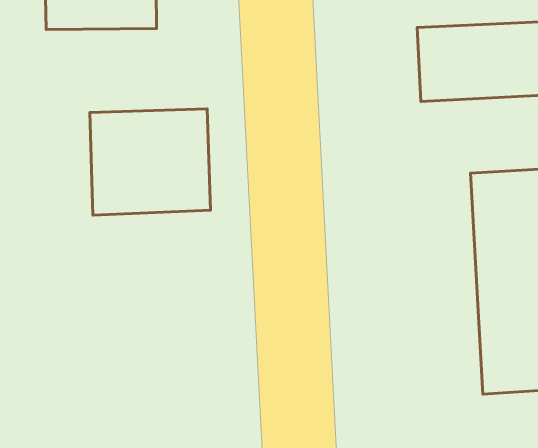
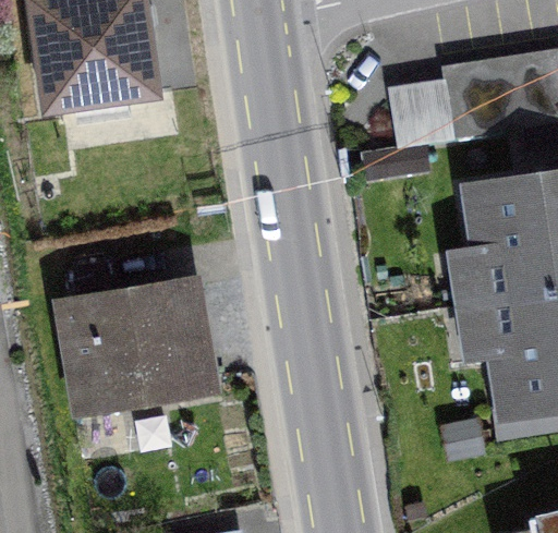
building: [90,109,210,215] -> [86,301,210,413]

